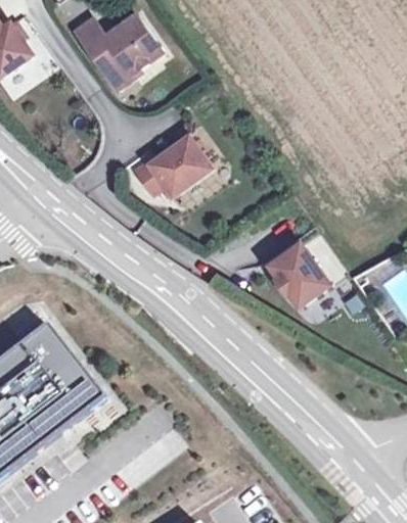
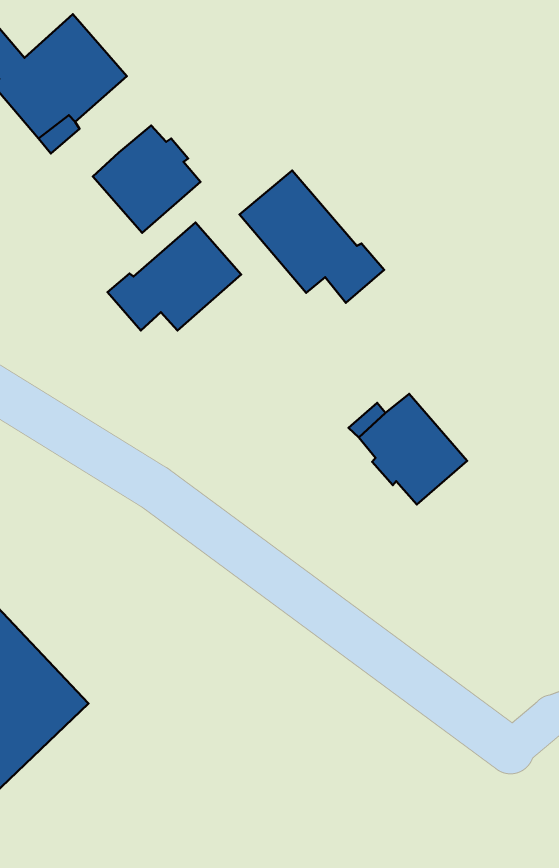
building: none -> [93,126,200,233]
building: none -> [240,170,384,303]

